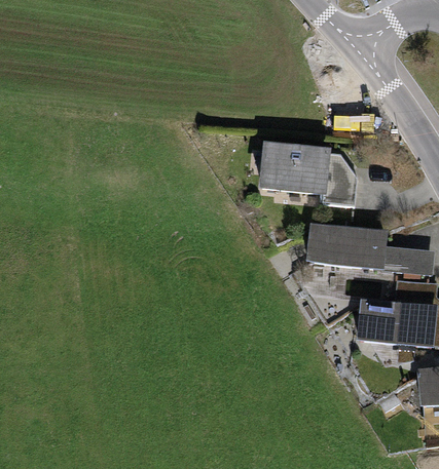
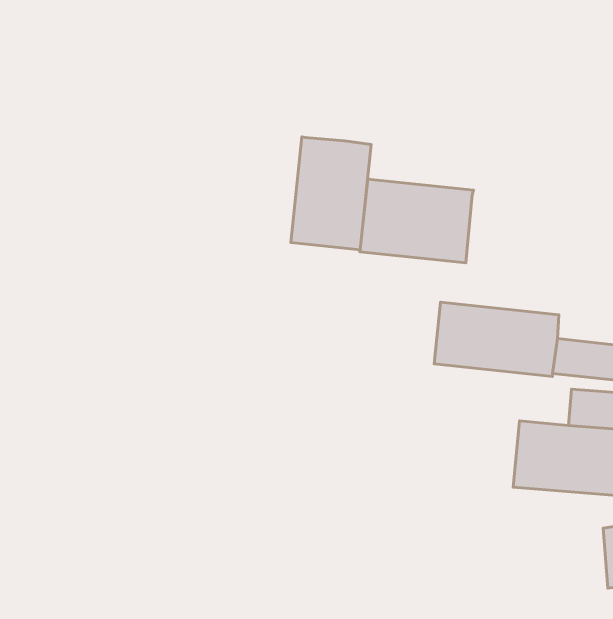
building: none -> [291,137,371,250]
building: [327,153,357,205] -> none

